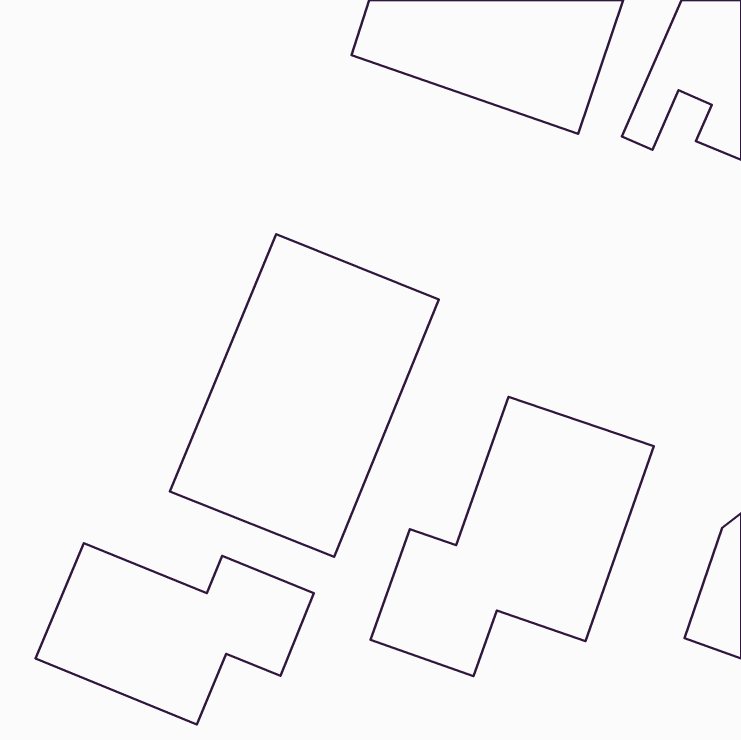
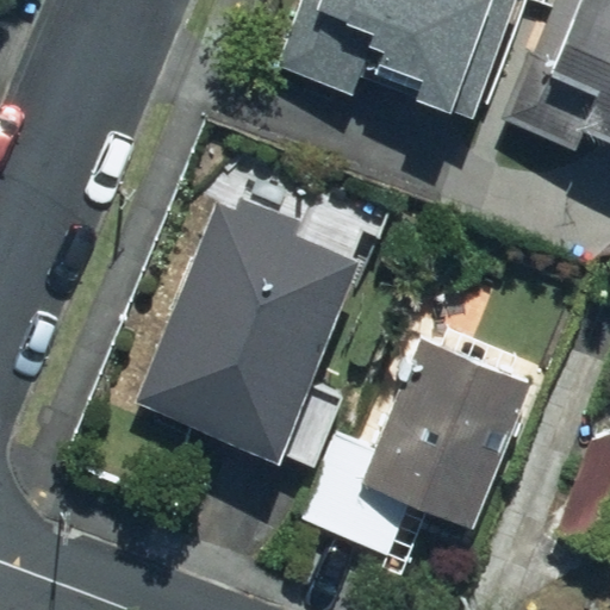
building: [35,543,314,724] -> none

